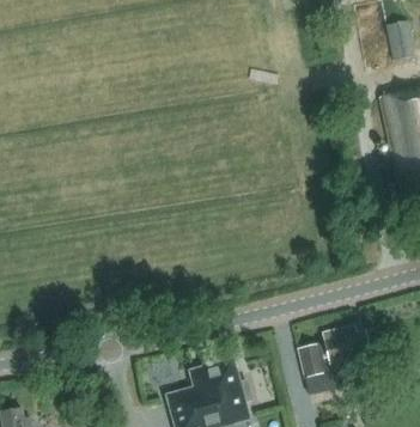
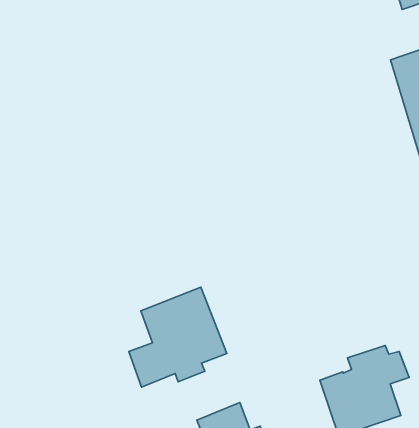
building: none -> [129,287,227,387]

